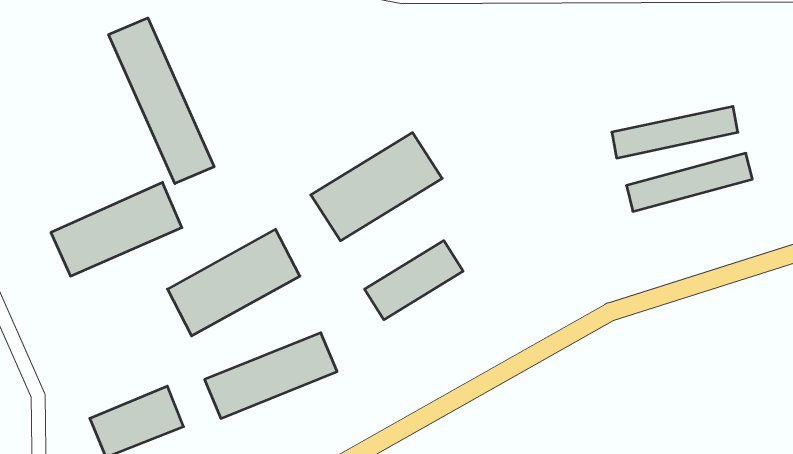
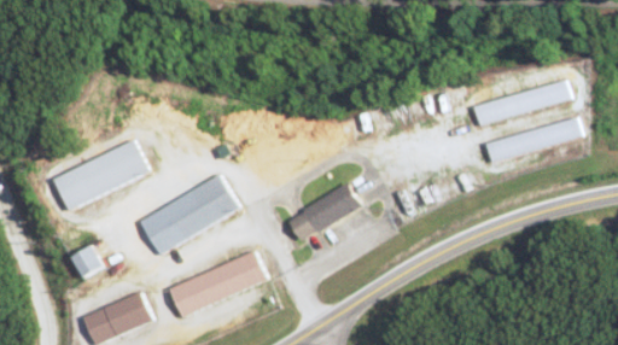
building: [109,18,214,184] -> none
building: [311,133,442,241] -> none
building: none -> [72,246,103,277]

